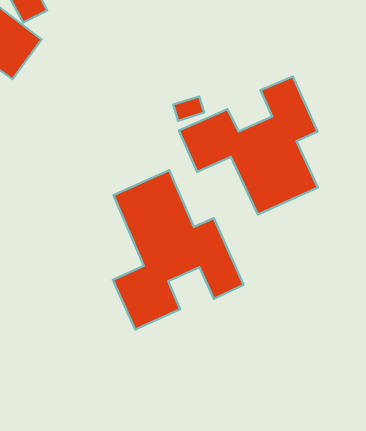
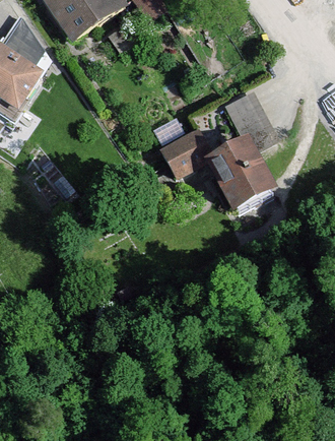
building: [113,170,243,330] -> none

